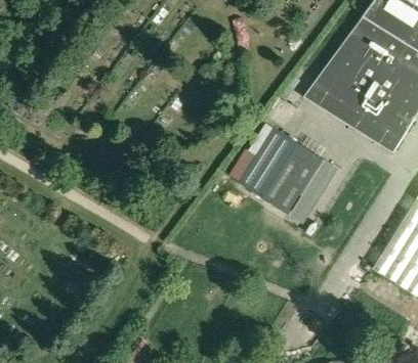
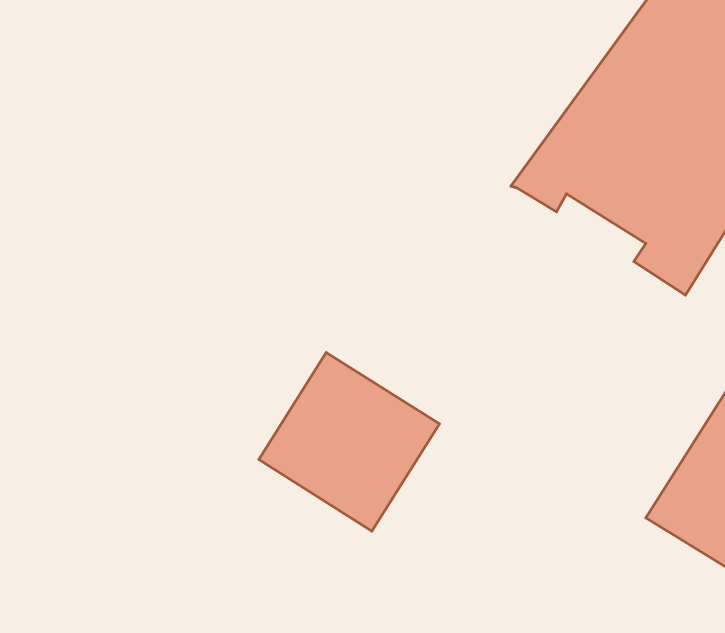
building: [240,129,333,221] -> [259,352,439,531]

